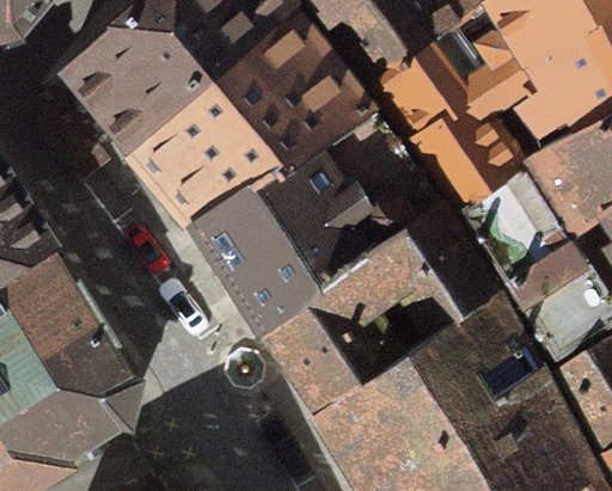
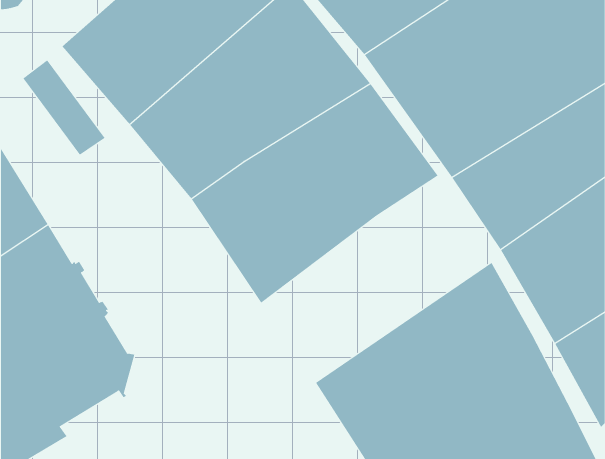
building: [263,202,496,411] -> none

